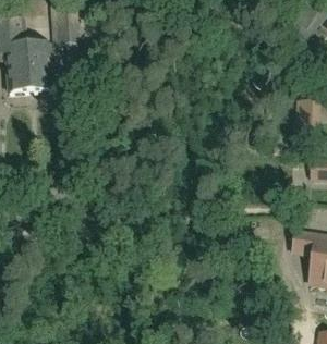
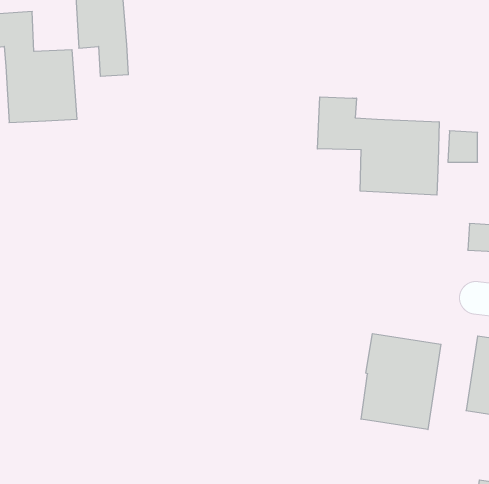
building: none -> [317,97,439,195]
building: none -> [361,334,441,430]

